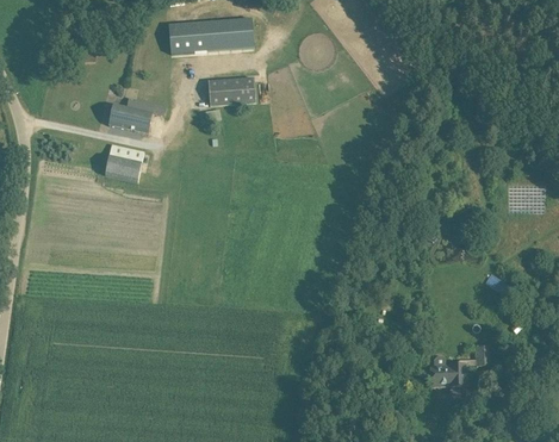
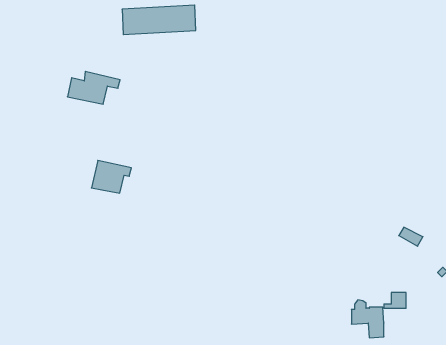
building: [207,76,255,105] -> none
building: [103,143,148,180] -> [91,160,131,193]

